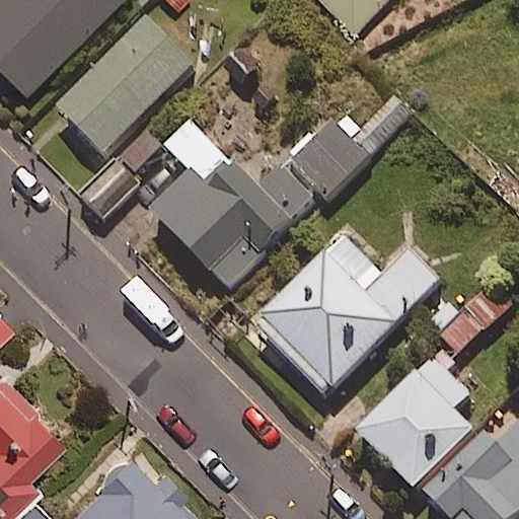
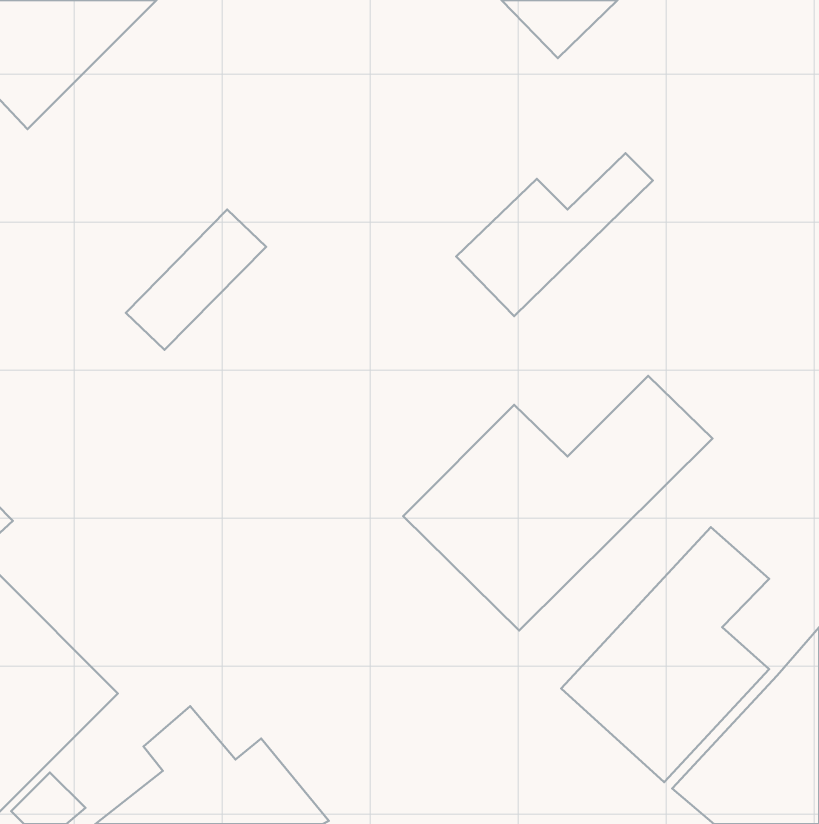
building: [54,17,193,156] -> none
building: [144,160,314,291] -> none

